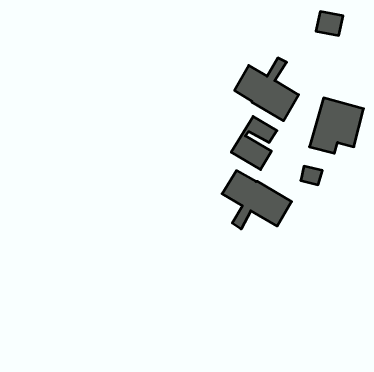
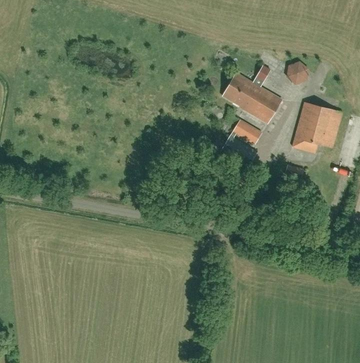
building: [316,12,343,35] -> [284,61,309,83]
building: [222,171,292,229] -> none

